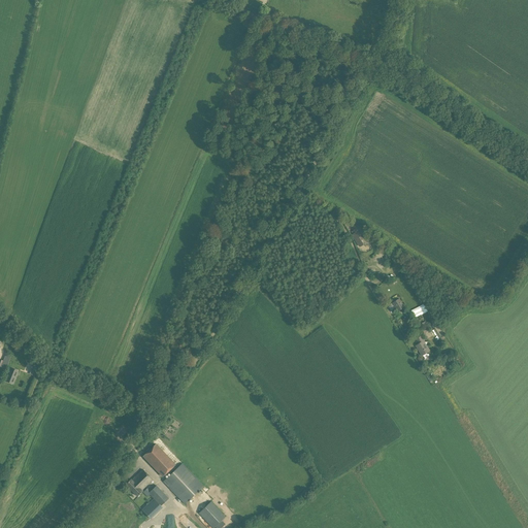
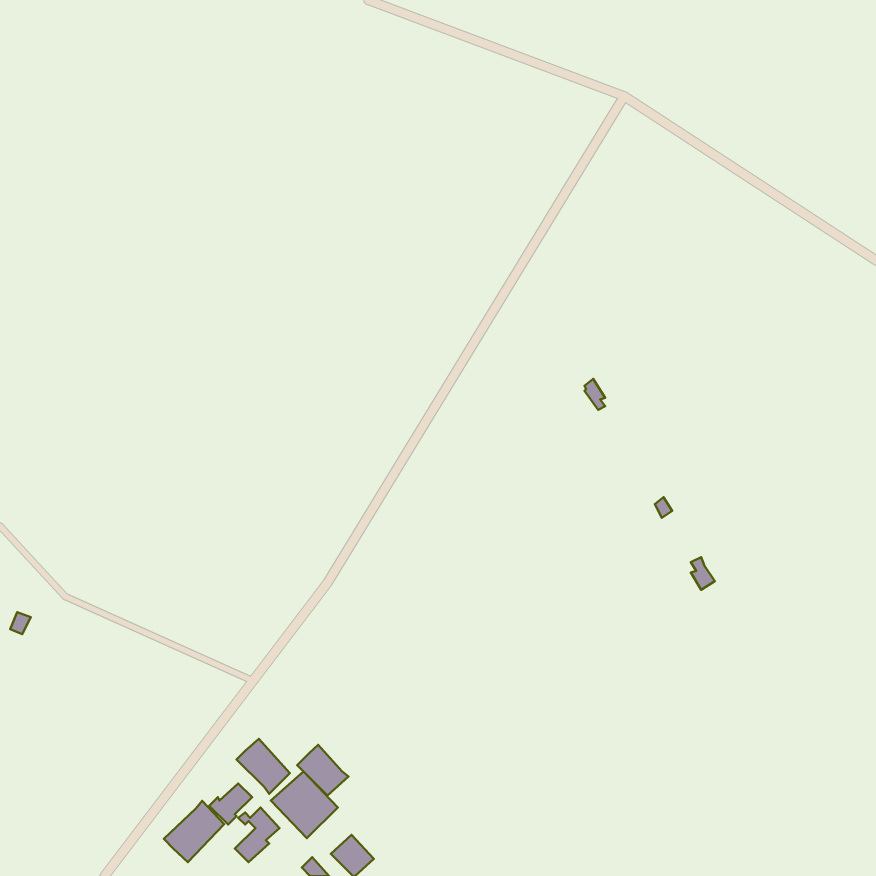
building: none -> [297,745,348,795]
building: none -> [164,801,224,862]

